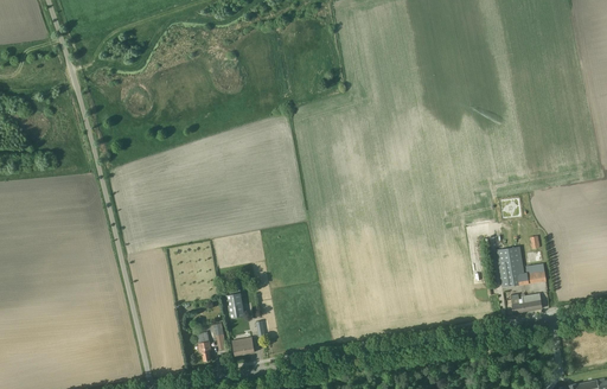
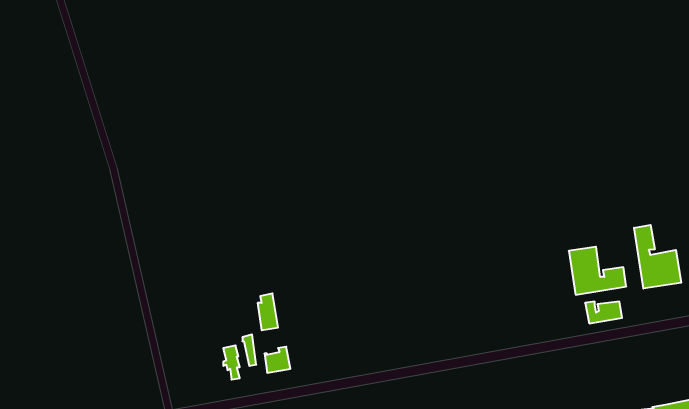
building: none -> [634,225,681,289]

